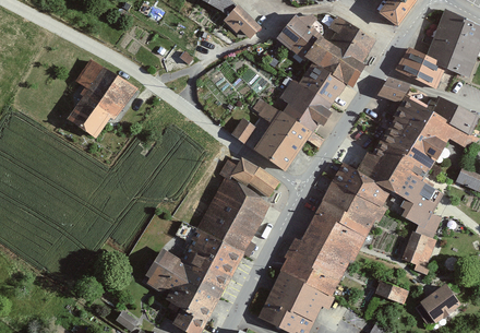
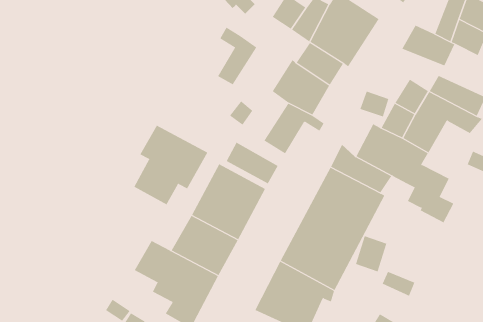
building: [68,60,139,136] -> [134,125,208,205]
building: [376,78,405,103] -> [359,91,389,117]
building: [251,102,289,157] -> [217,27,257,85]
building: [403,233,433,267] -> [355,236,387,272]
building: [416,284,457,324] -> none

